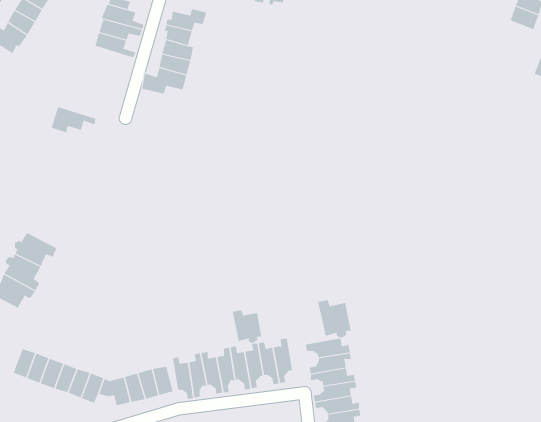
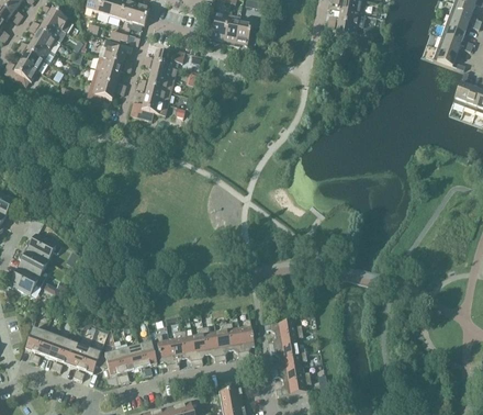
building: [51,107,96,133] -> [87,79,124,101]
building: [318,299,351,338] -> none
building: [232,310,262,343] -> none

